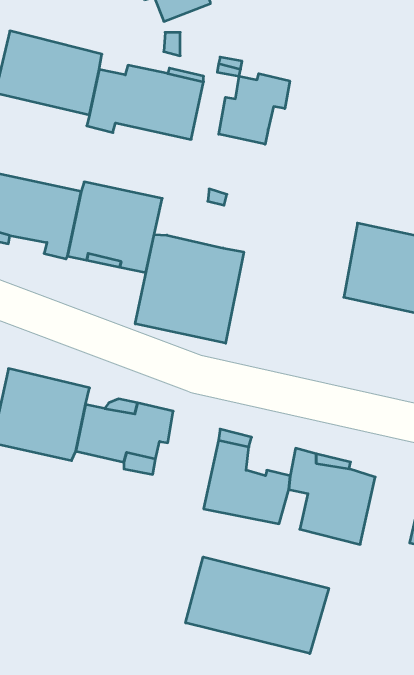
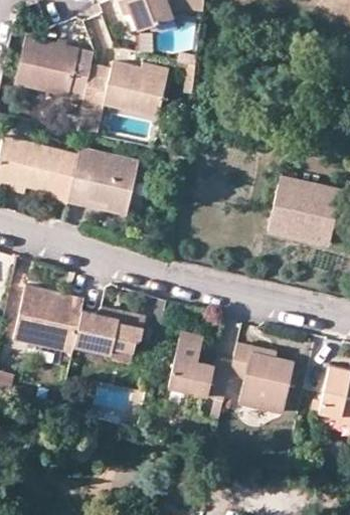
building: [219,74,290,144] -> none
building: [135,235,244,343] -> none
building: [186,557,329,654] -> none

